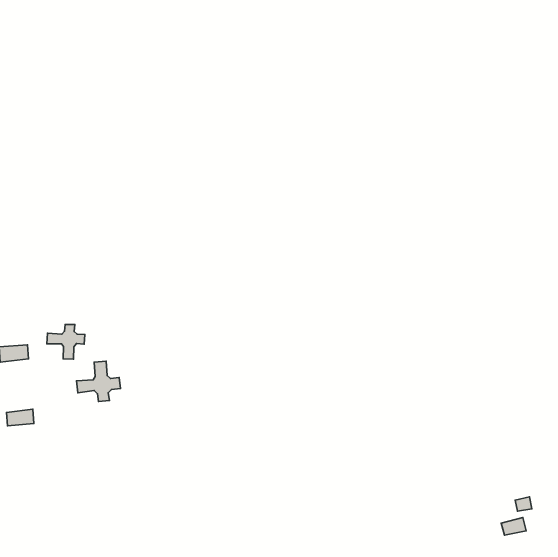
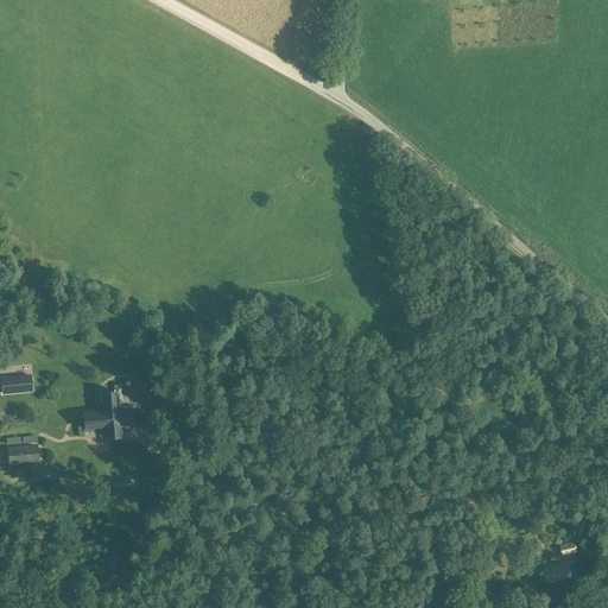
building: [47,324,85,359] -> none

